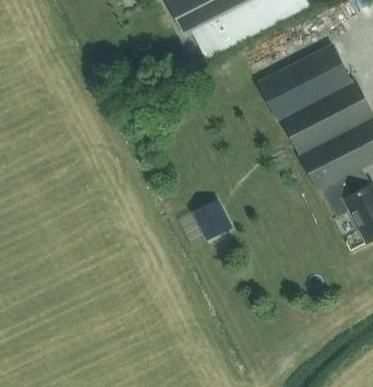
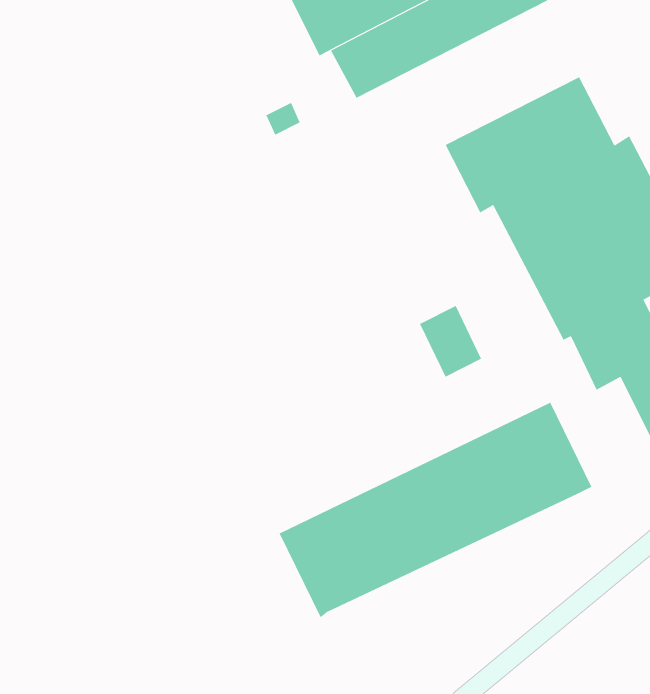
building: [192,201,226,240] -> [419,305,482,377]
building: none -> [279,402,592,618]

